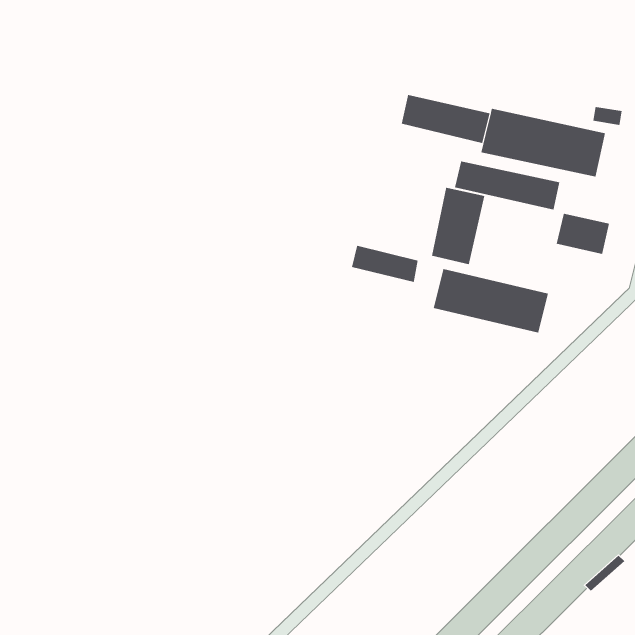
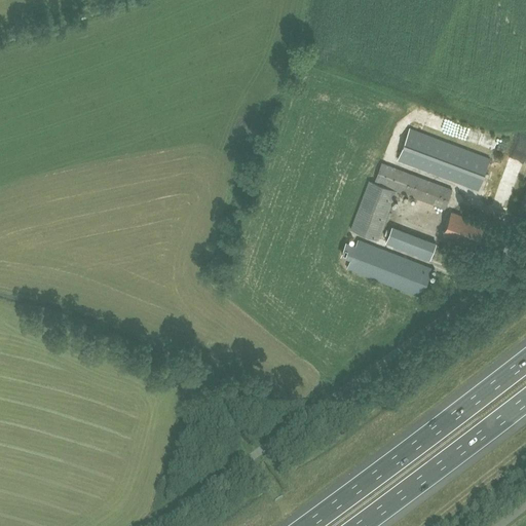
building: [401,94,490,144] -> none
building: [351,245,419,282] -> [385,227,435,260]

